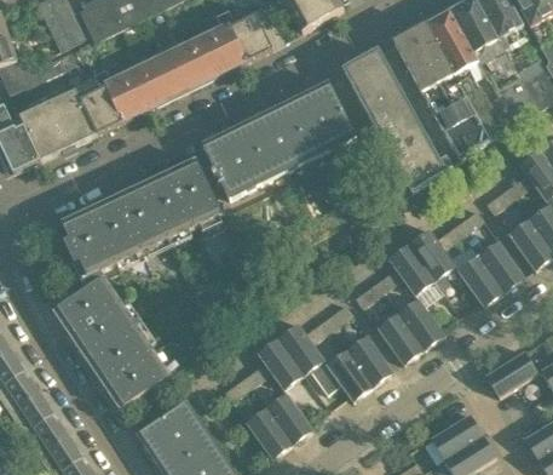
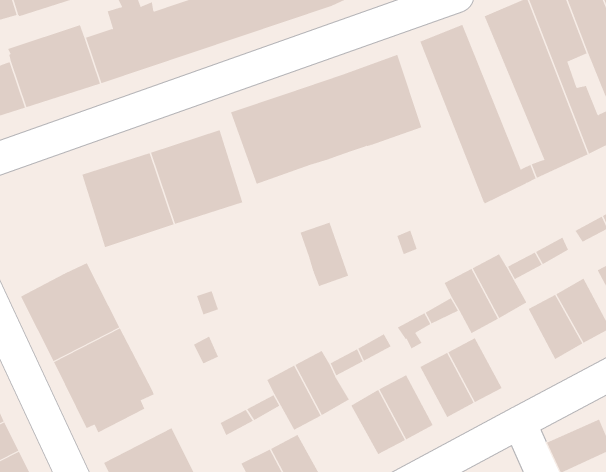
building: [48,207,119,287] -> none
building: none -> [300,222,349,287]

